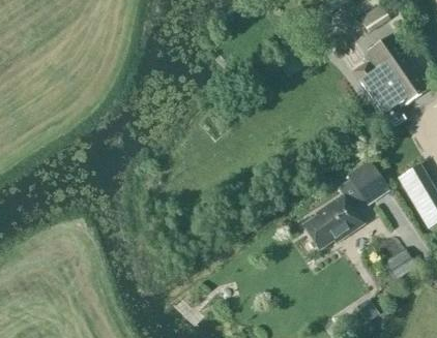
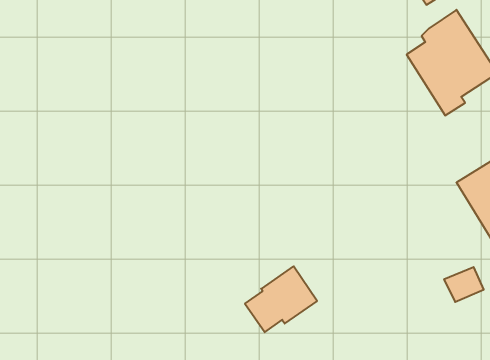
building: [345,159,386,202] -> none
building: [301,193,361,248] -> [245,266,317,332]

